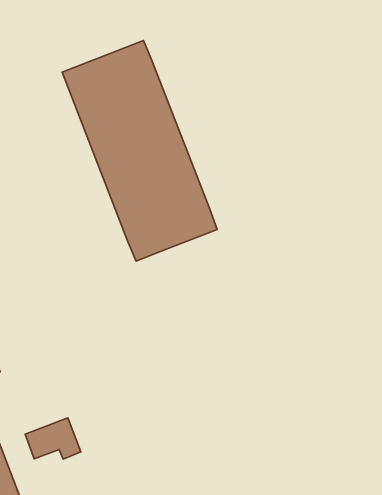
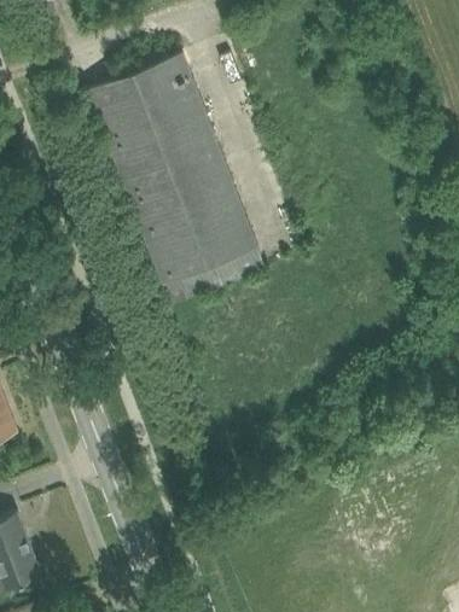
building: [25,418,81,459] -> none

